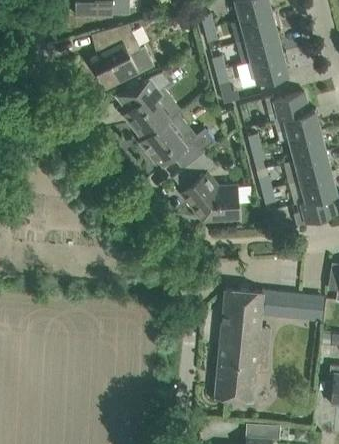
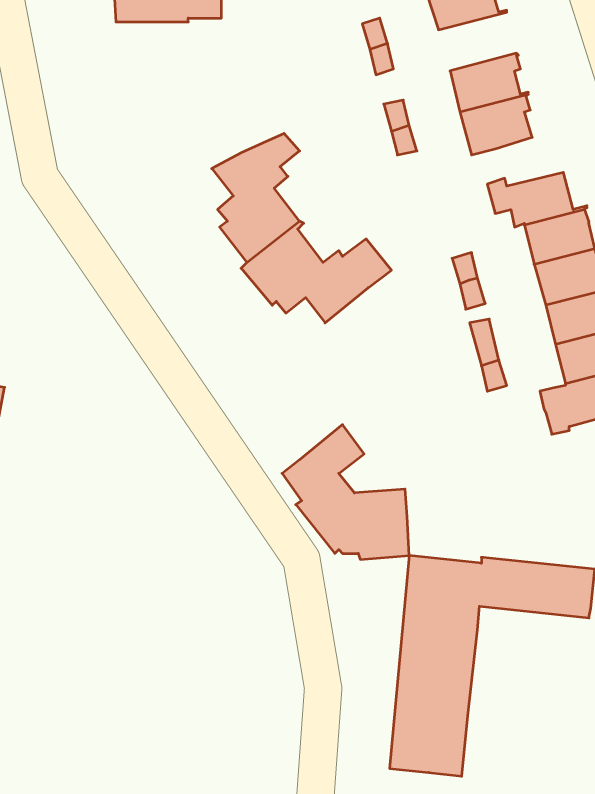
building: [240,11,280,41] -> none
building: [90,24,154,89] -> none
building: [173,152,238,221] -> [282,425,409,559]

